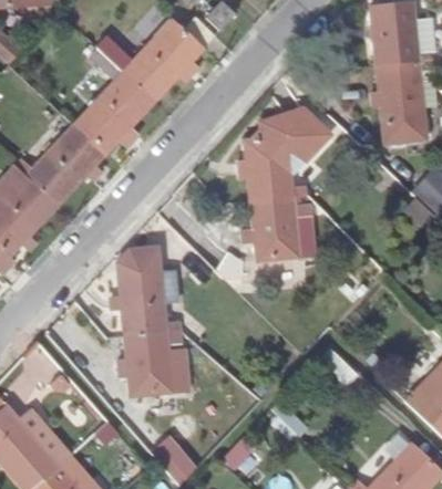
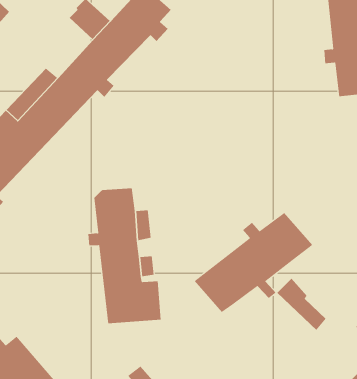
building: [237,105,331,261] -> none
building: none -> [194,212,313,313]

